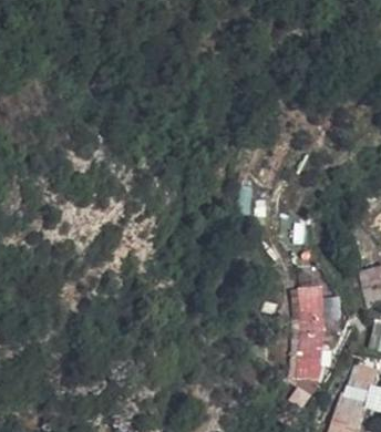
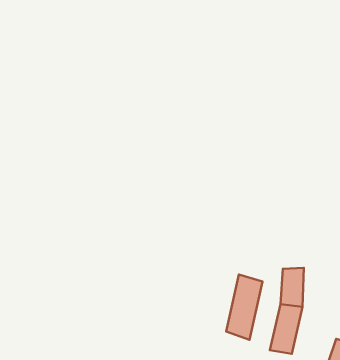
building: none -> [226,274,263,340]

